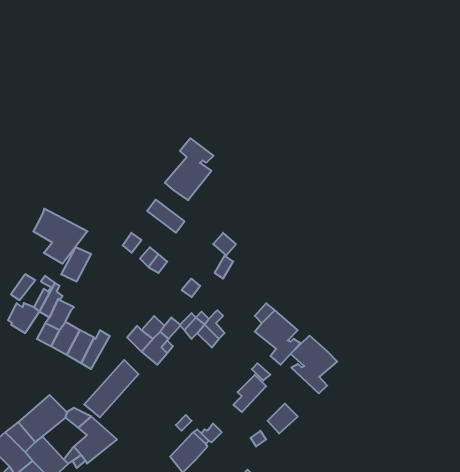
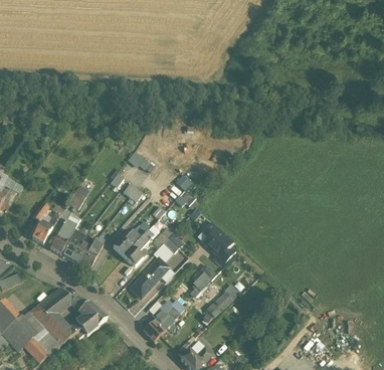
building: [165,138,213,200] -> none
building: [33,209,88,264] -> none
building: [291,336,337,393] -> none
building: [84,360,139,417] -> [130,257,168,298]

